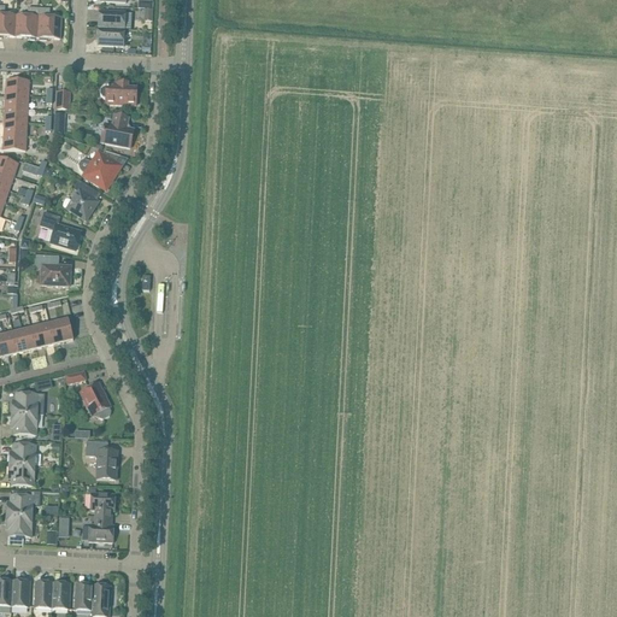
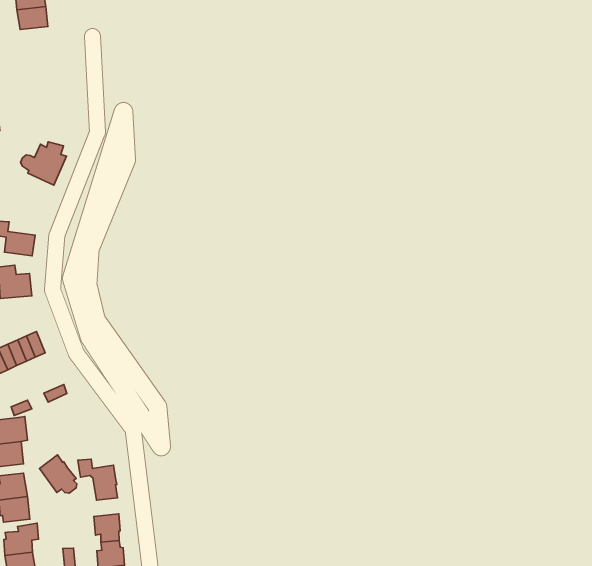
building: [100,81,136,104] -> none
building: [101,112,133,146] -> none
building: [66,178,100,219] -> none
building: [80,381,111,417] -> [40,455,77,493]

